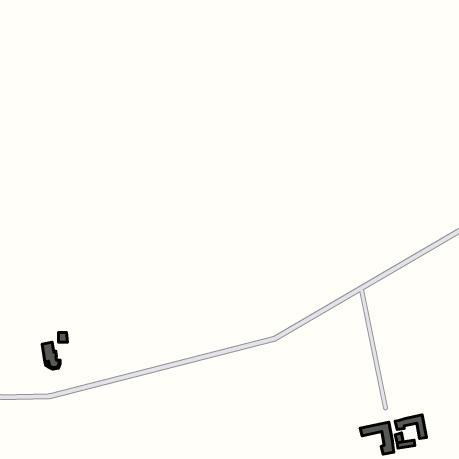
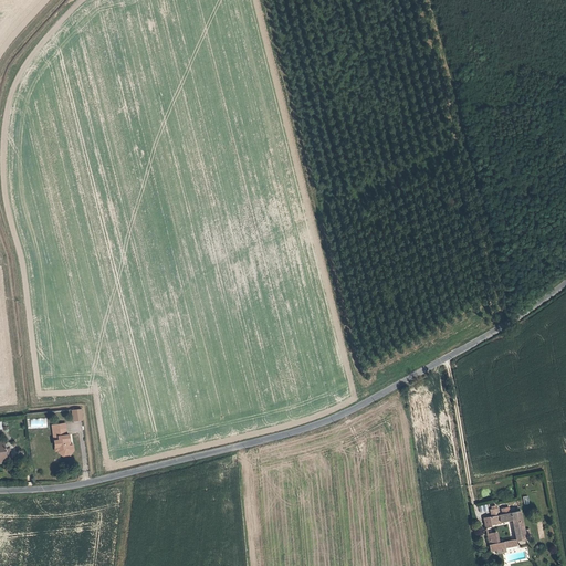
building: [360,422,394,454] -> none

